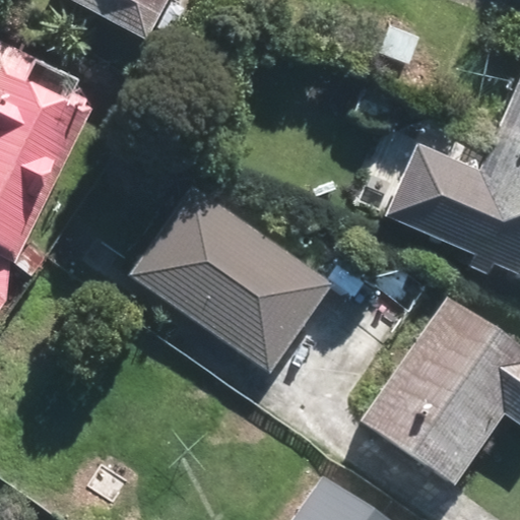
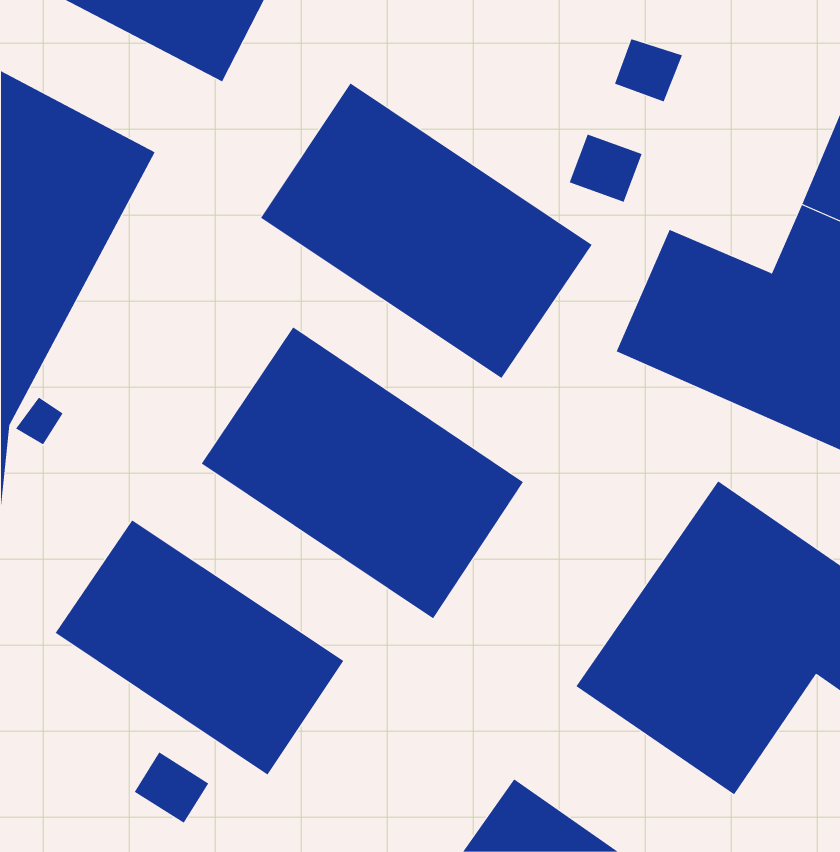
building: none -> [260,83,593,379]
building: none -> [55,519,344,775]

